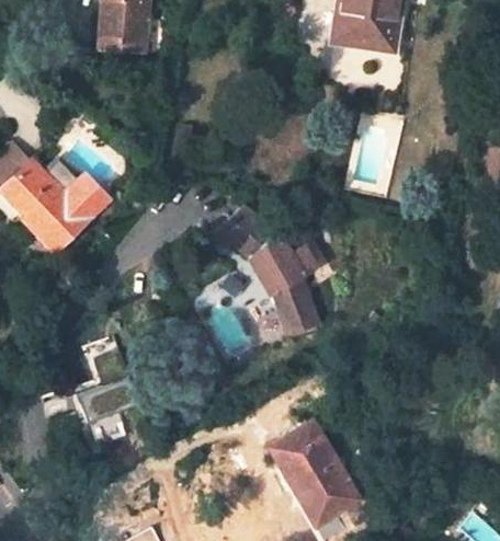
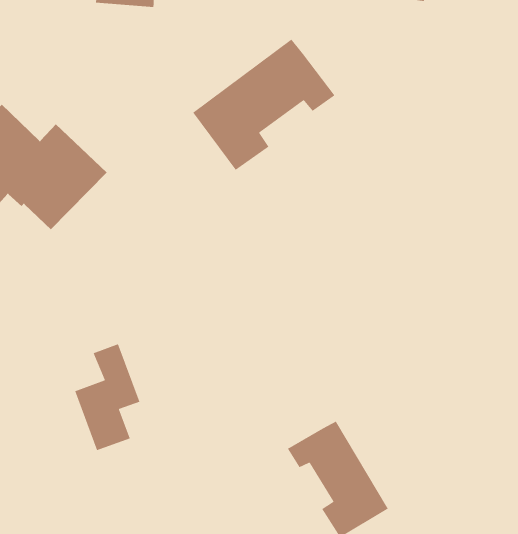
building: none -> [192,39,335,171]
building: [213,209,323,337] -> none

